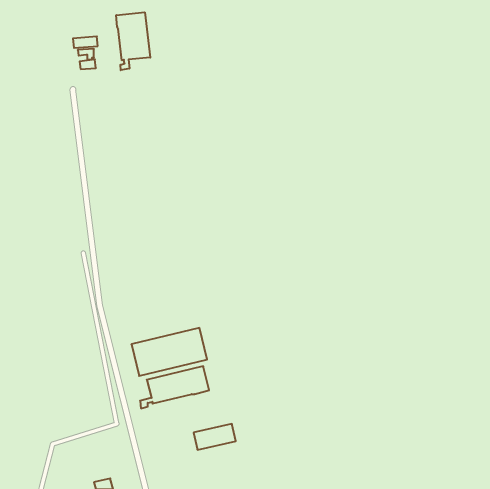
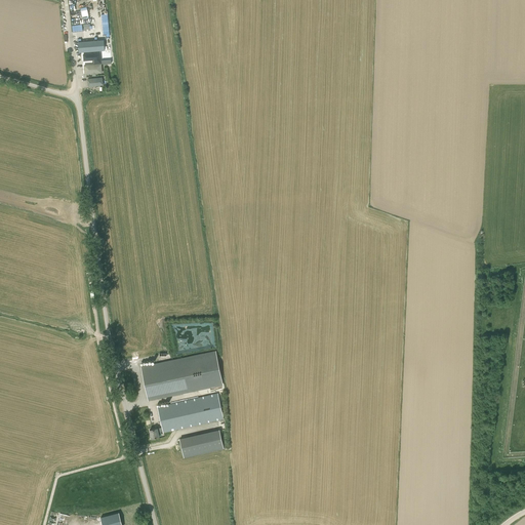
building: [116,12,150,70] -> none
building: [194,424,236,450] -> [179,430,225,457]

